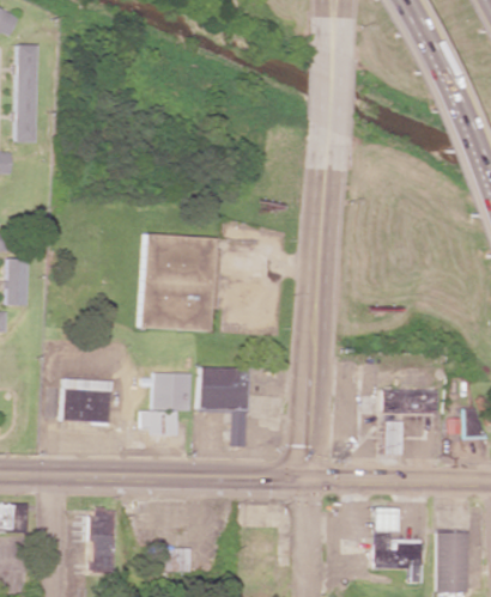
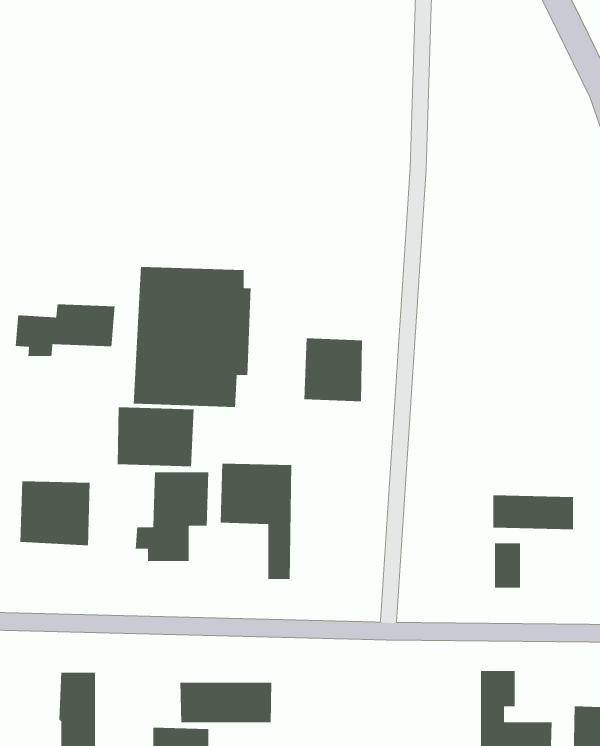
building: none -> [15,304,116,357]
building: none -> [303,338,363,402]
building: none -> [117,406,195,467]
building: none -> [179,682,272,723]

